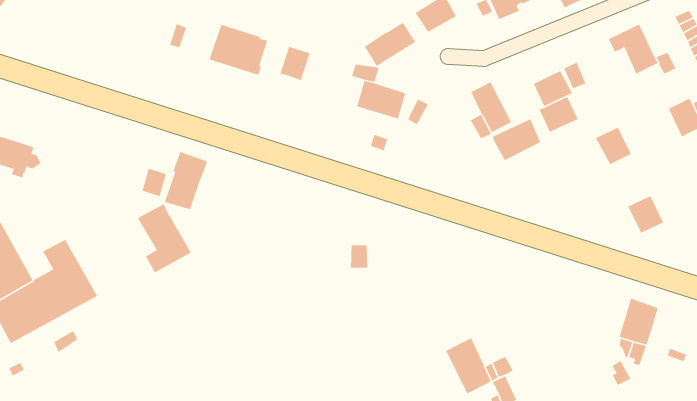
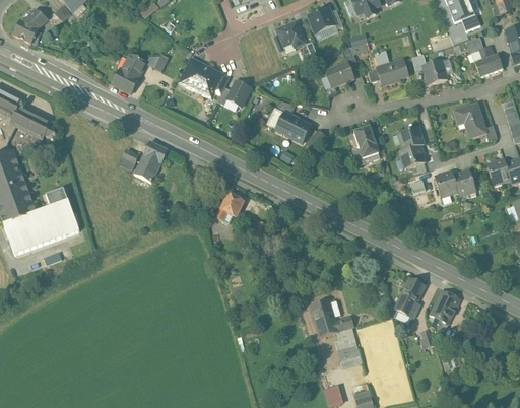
building: [364,22,416,67] -> none
building: none -> [111,53,145,92]
building: [492,118,541,161] -> none
building: [627,195,664,234] -> [452,169,475,195]
building: [137,202,192,274] -> none
building: none -> [215,193,243,220]
building: none -> [393,278,424,318]

